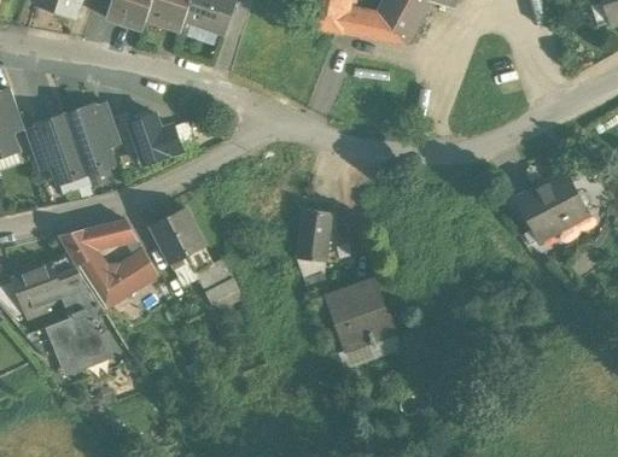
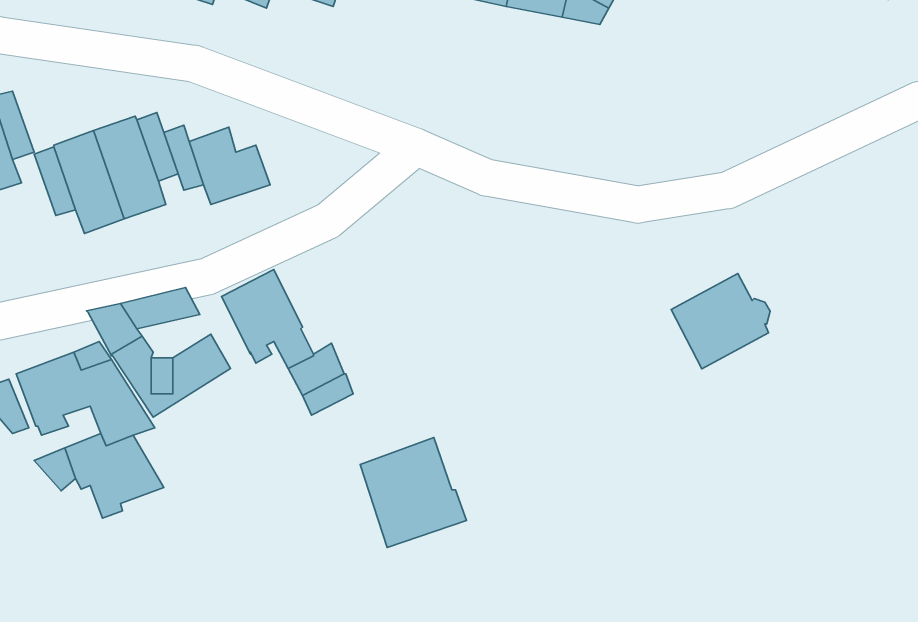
building: [520,174,587,238] -> [671,273,770,369]
building: [297,209,330,260] -> none
building: [325,277,396,351] -> [360,438,466,548]

